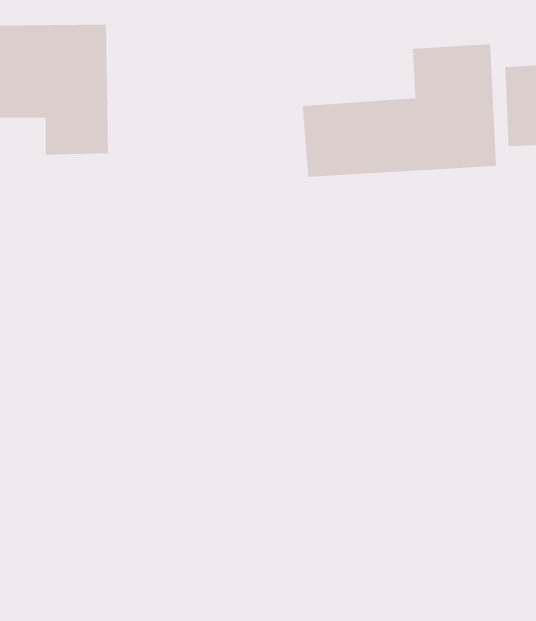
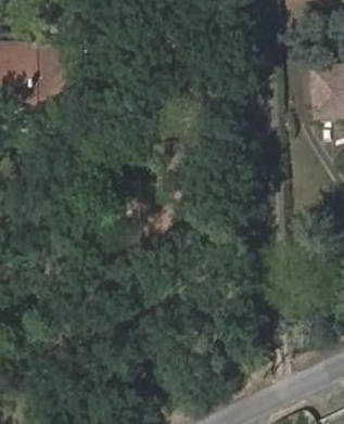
building: [302,43,496,177] -> none

